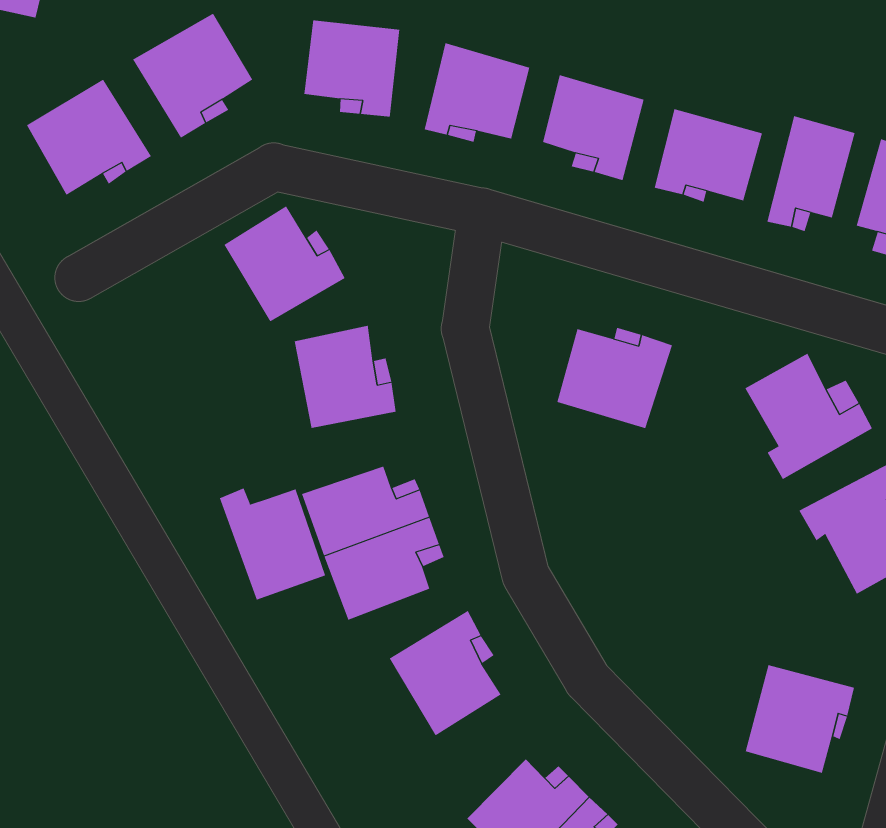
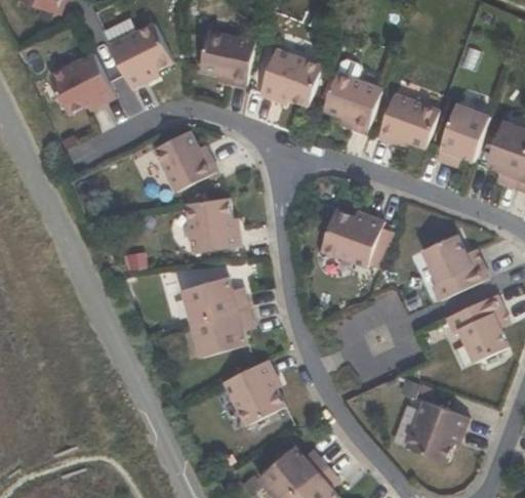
building: [219,487,326,601] -> none

